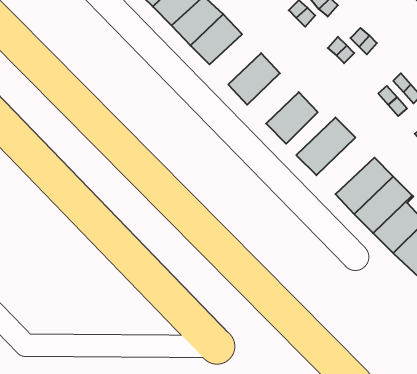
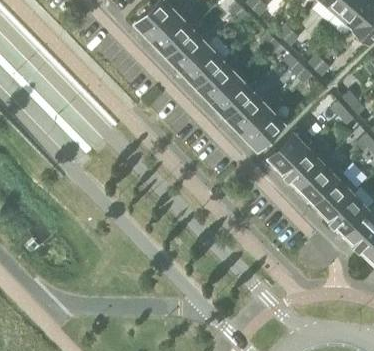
building: none -> [195,62,236,102]
building: none -> [225,93,266,133]
building: none -> [280,144,326,189]

